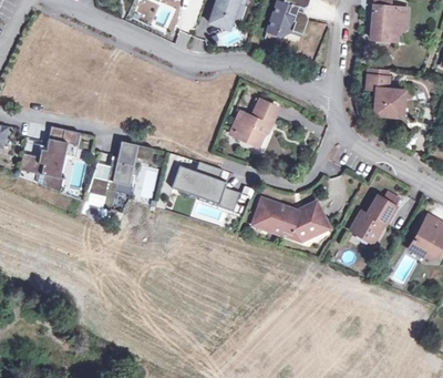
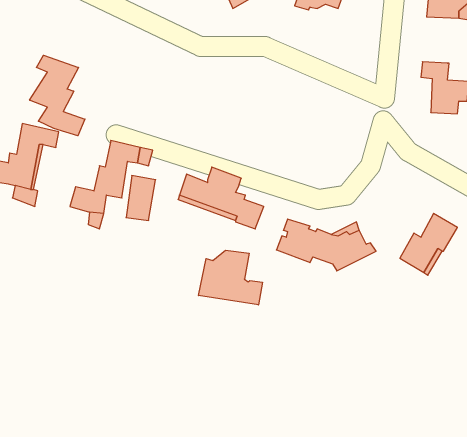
building: none -> [30,55,85,136]
building: [229,100,278,146] -> none
building: none -> [199,250,262,305]

